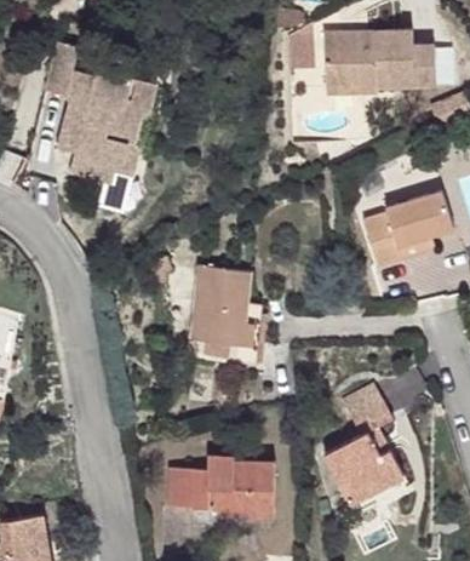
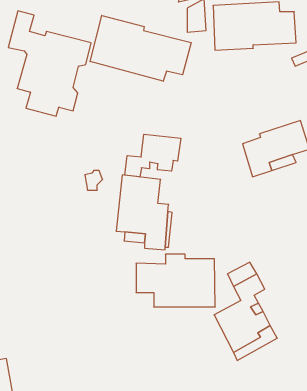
building: none -> [90,15,191,81]
building: none -> [125,134,181,177]
building: [167,456,275,527] -> [136,254,215,307]

